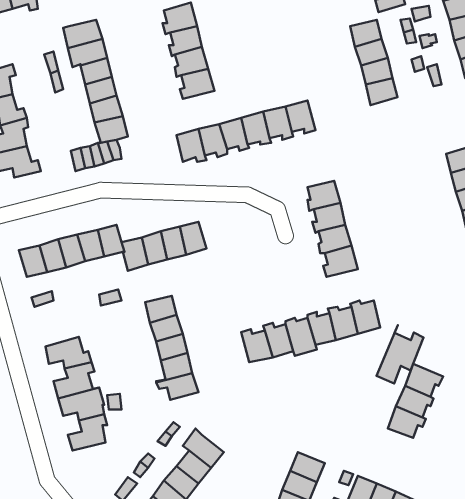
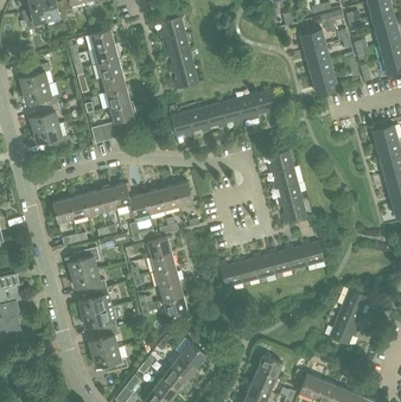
building: none -> [68,245,100,274]
building: [376,325,423,383] -> none
building: none -> [91,346,126,370]

